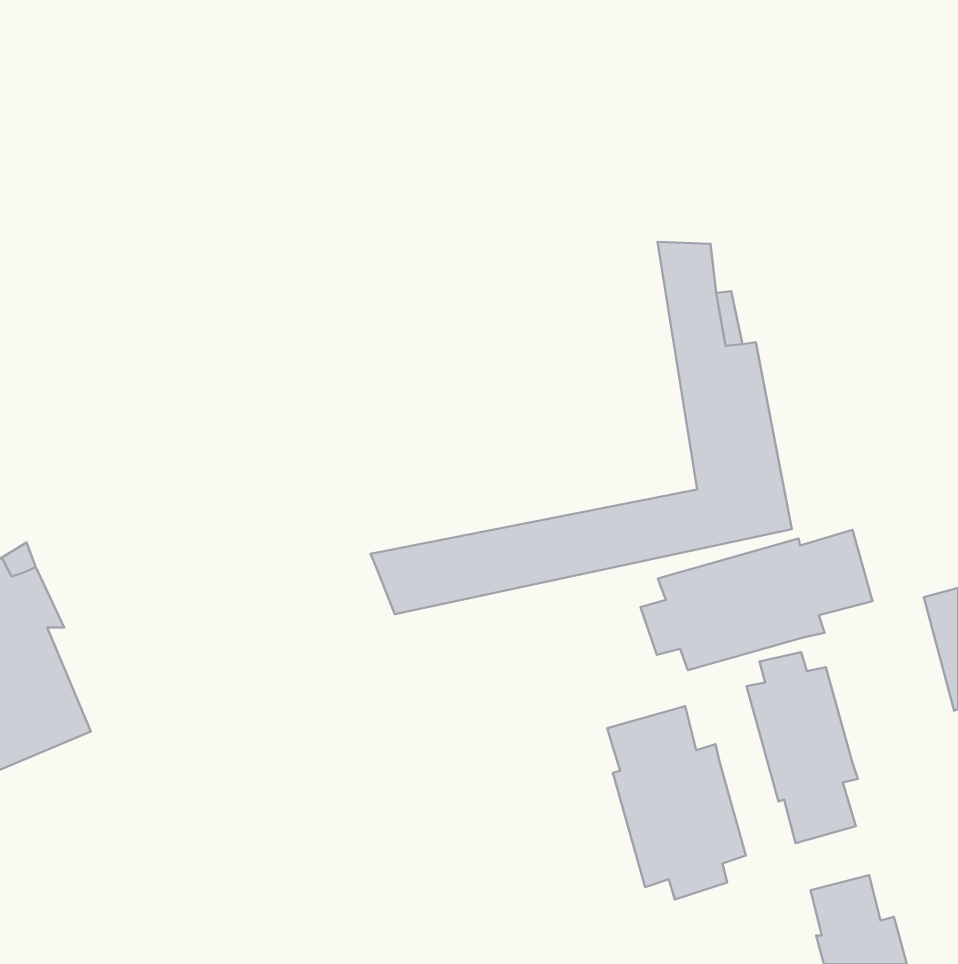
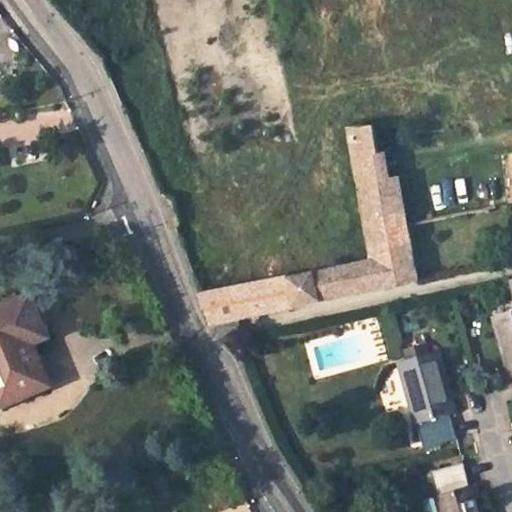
building: [641,530,873,670] -> none
building: [607,706,746,900] -> none

